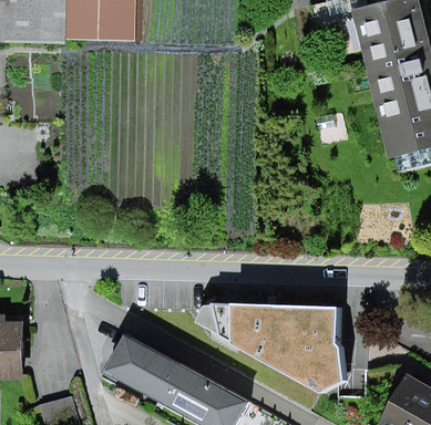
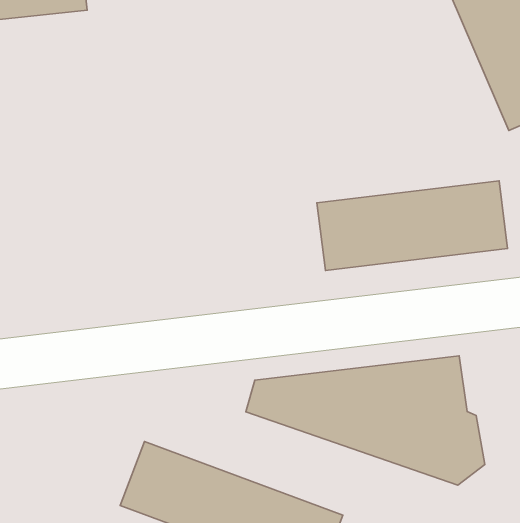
building: none -> [317,181,508,270]

